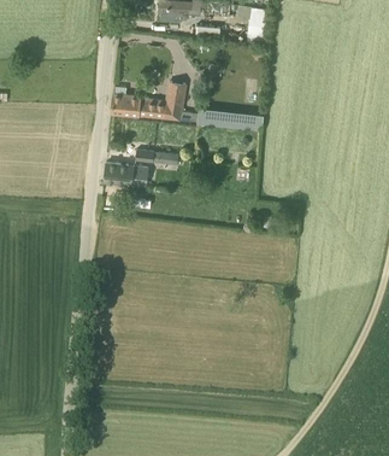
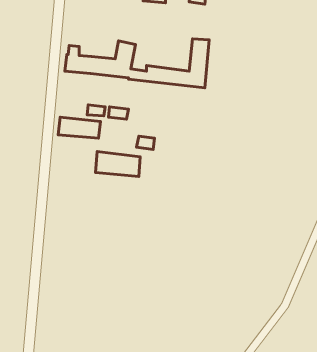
building: none -> [95,151,140,177]

